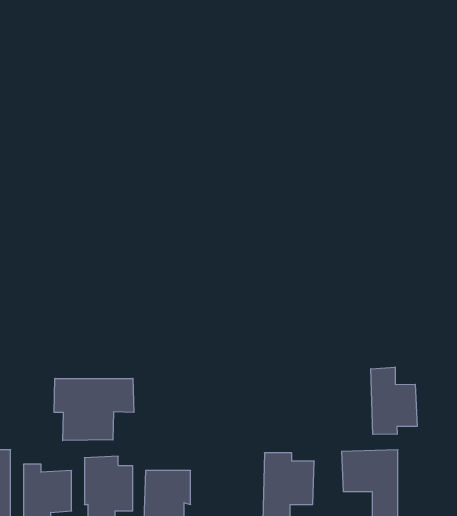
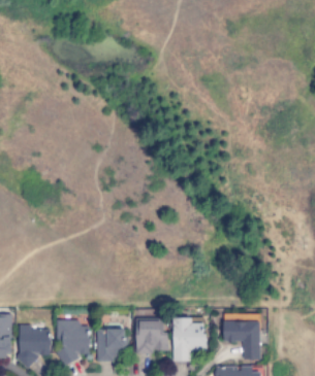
building: [371,367,417,434] -> none
building: [54,378,134,441] -> none
building: none -> [135,319,169,353]

